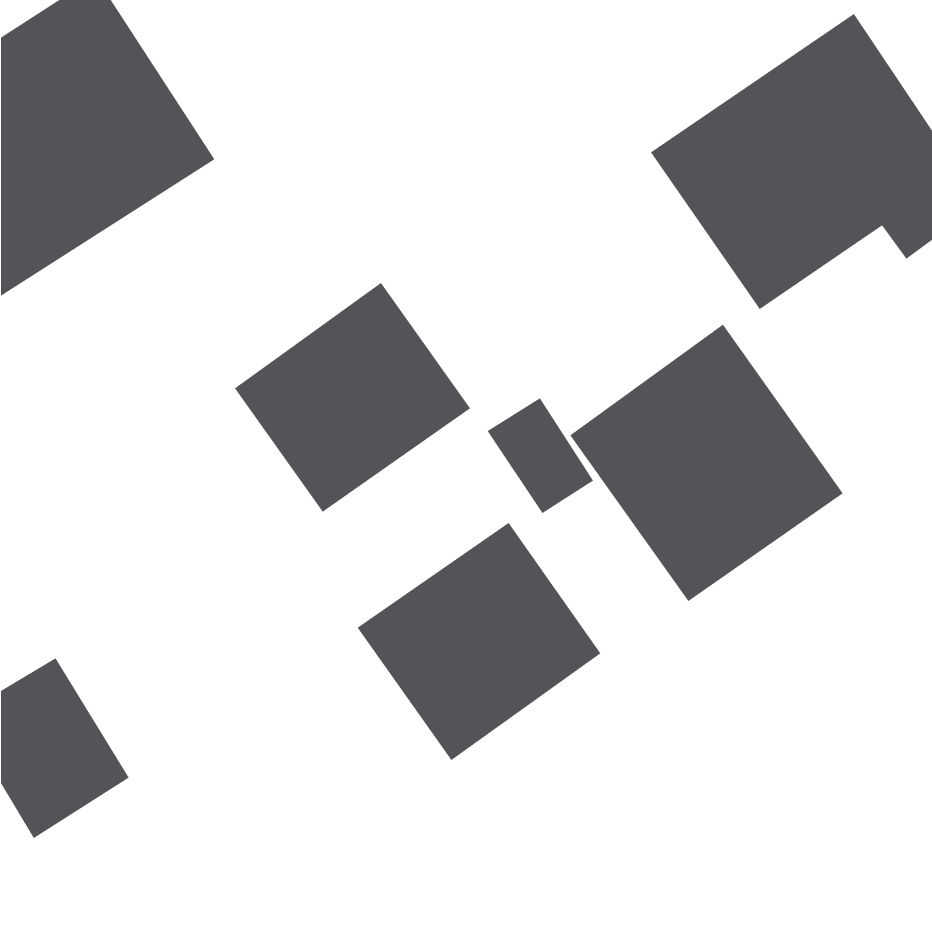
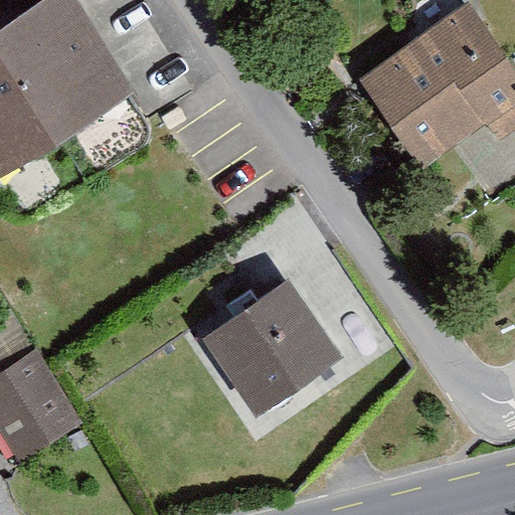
building: [234,282,471,513] -> none
building: [569,323,844,602] -> none

